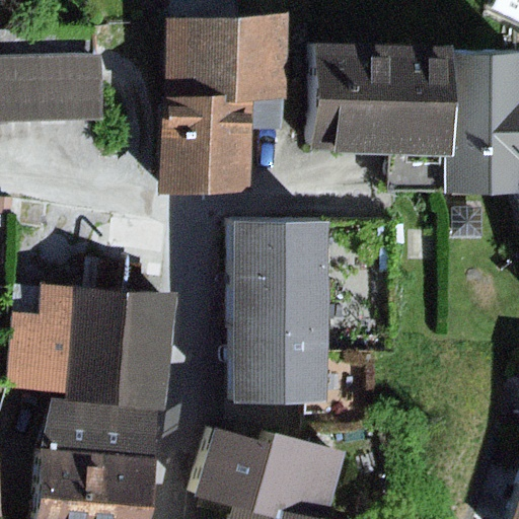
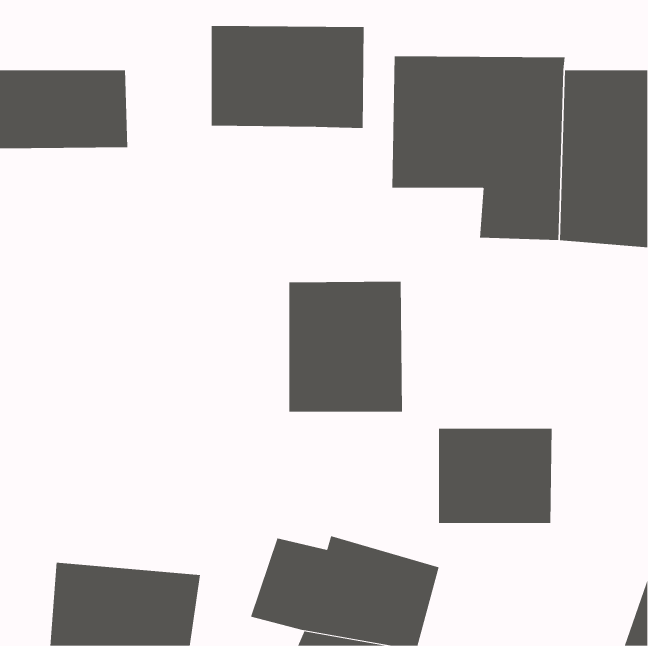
building: [157,100,251,193] -> none
building: [6,246,175,409] -> none
building: [230,328,321,404] -> [438,428,553,523]
building: [45,399,160,458] -> none

